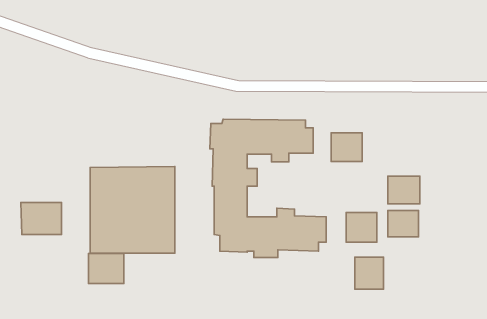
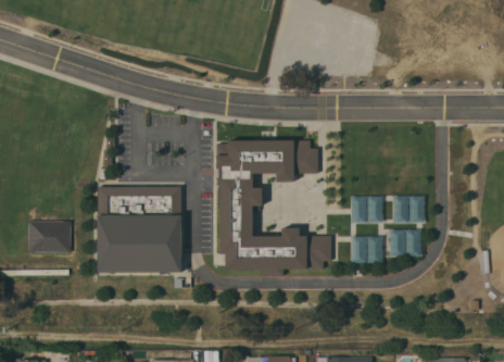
building: [331,133,362,162] -> [351,196,381,224]
building: [88,253,124,284] -> none
building: [355,257,383,289] -> none

